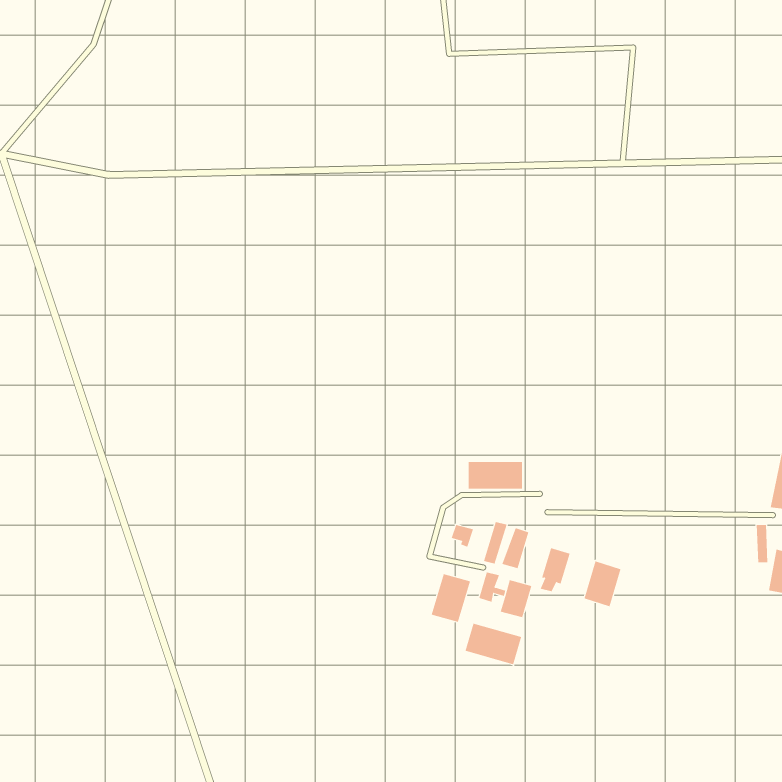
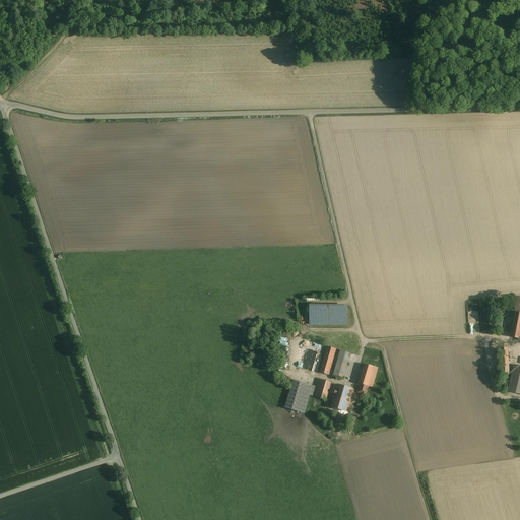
building: [584,560,621,607] -> none
building: [465,623,522,665] -> none

